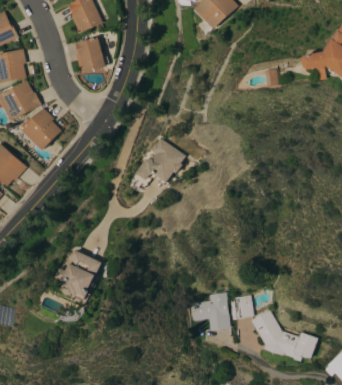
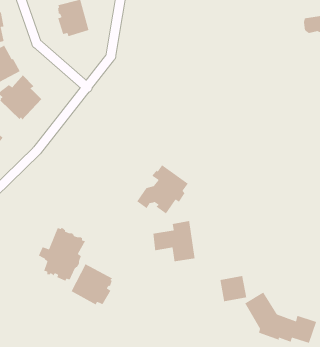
building: [137,138,186,185] -> [136,164,189,214]
building: none -> [70,263,113,305]
building: [189,292,229,331] -> [152,220,195,262]

